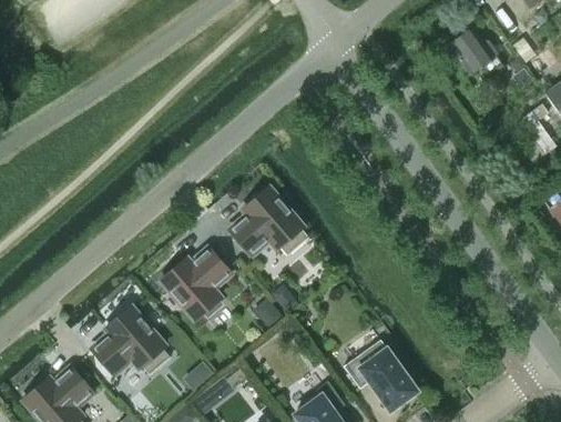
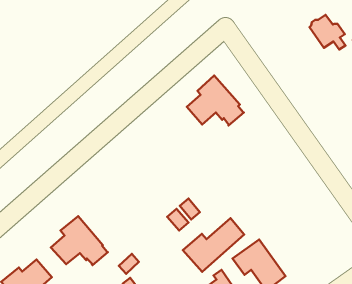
building: [230,187,308,255] -> [187,76,244,125]
building: [161,248,231,319] -> none
building: none -> [183,218,244,272]

